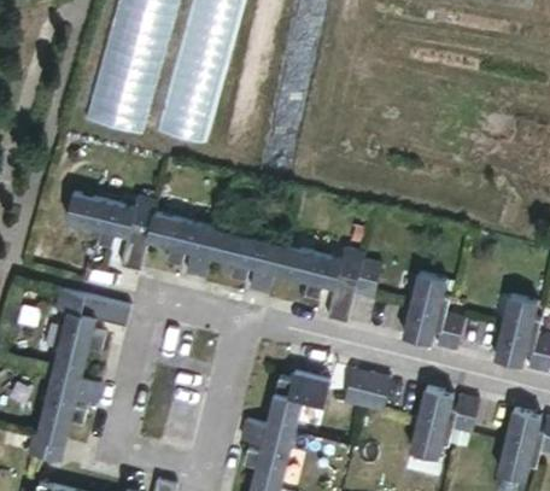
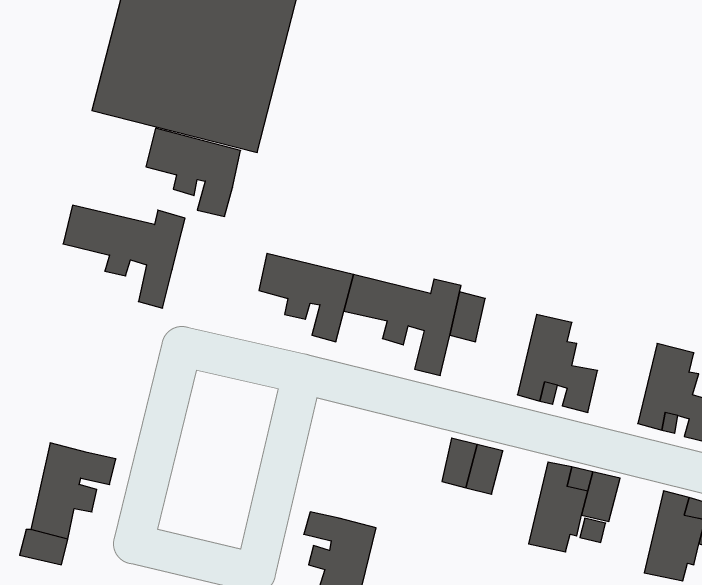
building: [145,211,216,277] -> [146,128,241,216]
building: [53,288,128,378] -> none
building: [270,372,333,434] -> none

